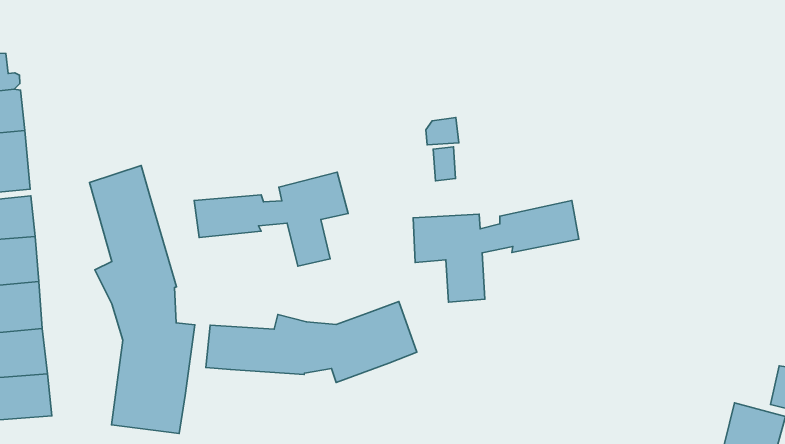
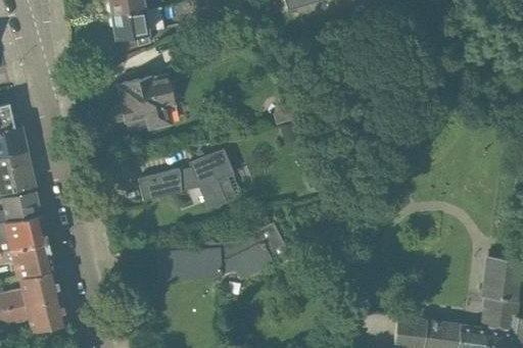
building: none -> [112,73,175,130]
building: [89,166,195,434] -> none
building: [413,201,579,302] -> none

